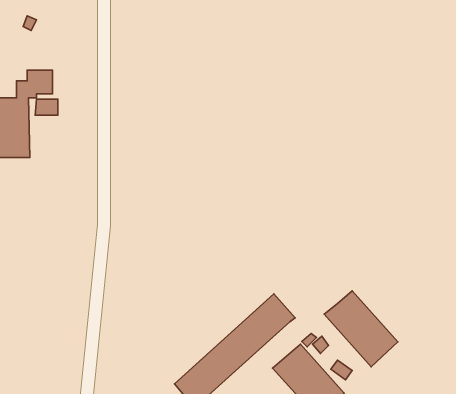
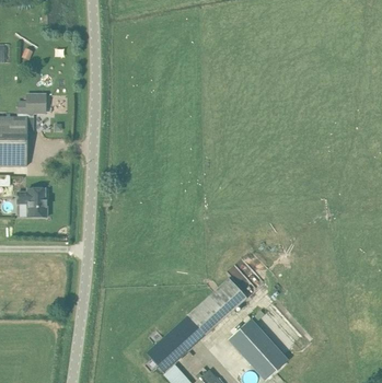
building: none -> [15,188,46,217]
building: [324,291,398,367] -> none

